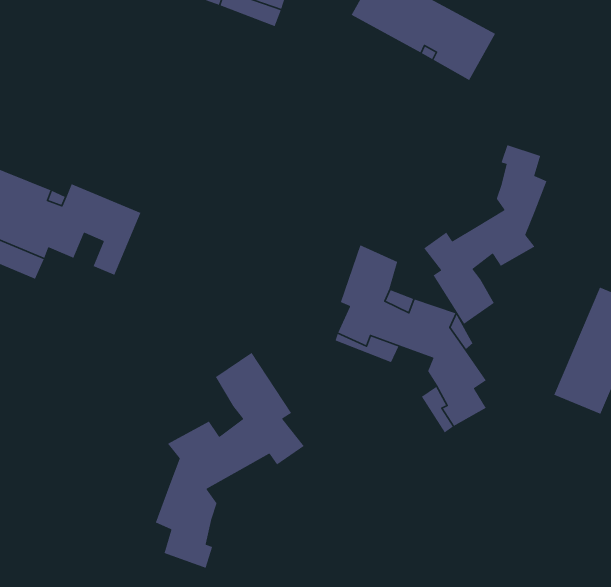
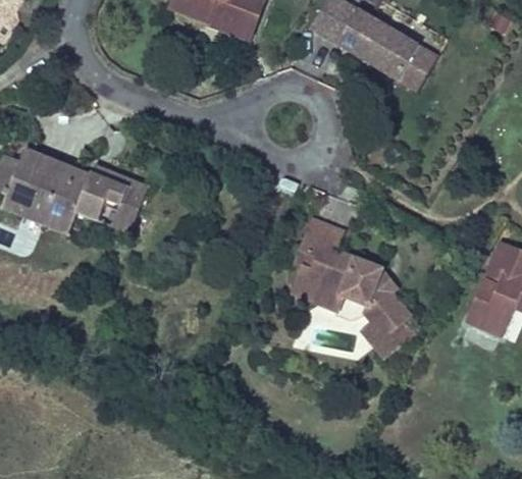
building: none -> [399,45,436,91]
building: [423,144,548,325] -> none
building: [155,352,305,569] -> none

